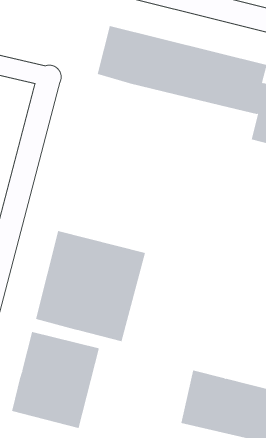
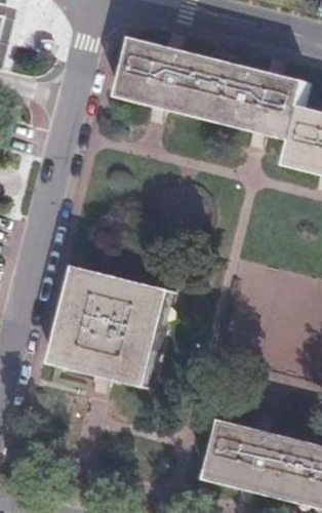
building: [12,331,100,429] -> none

